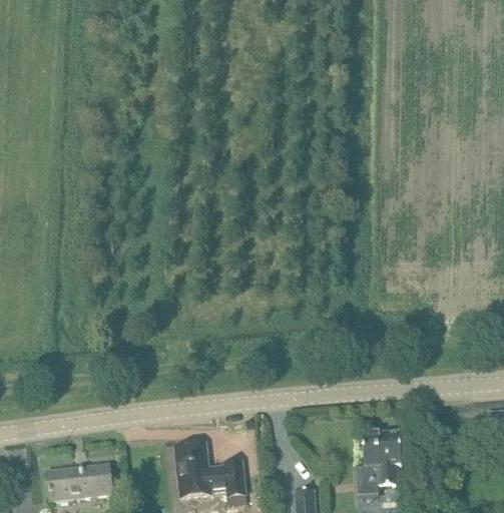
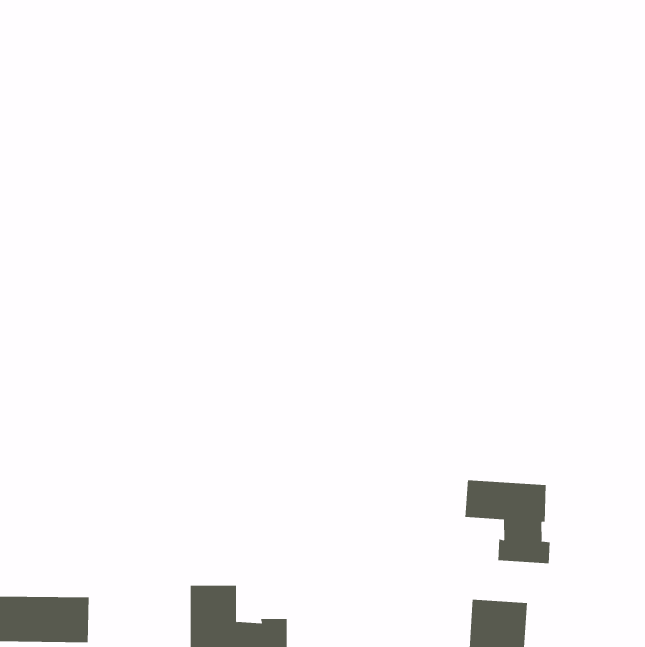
building: none -> [465,480,550,564]

